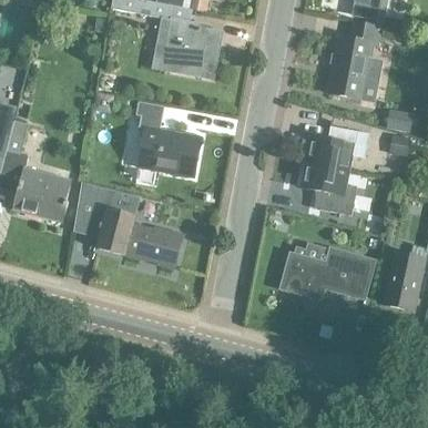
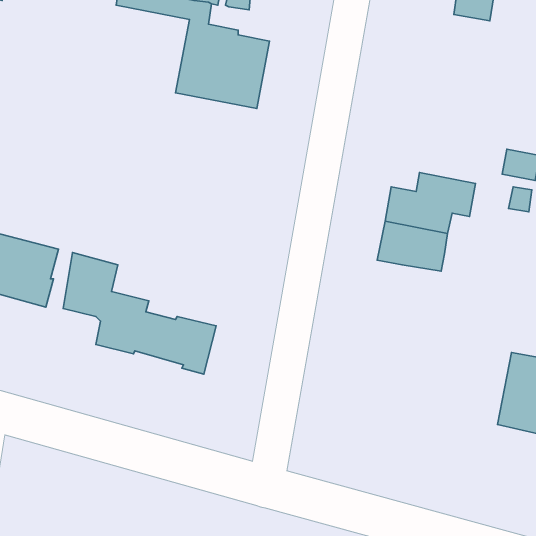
building: [328,20,380,96] -> none
building: [137,100,202,175] -> none
building: [312,183,355,214] -> none
building: [281,248,373,297] -> none

